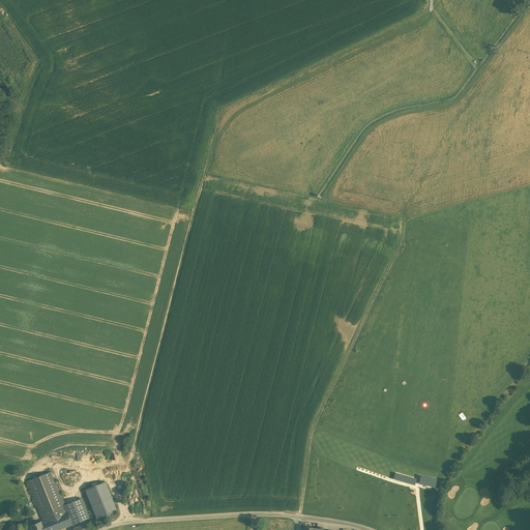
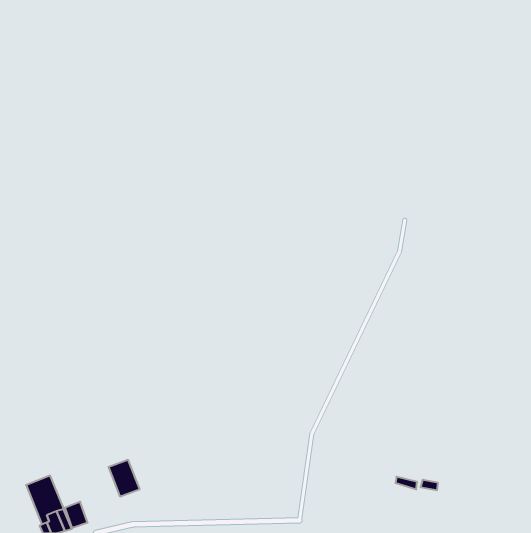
building: [84,482,115,519] -> [108,460,140,496]

